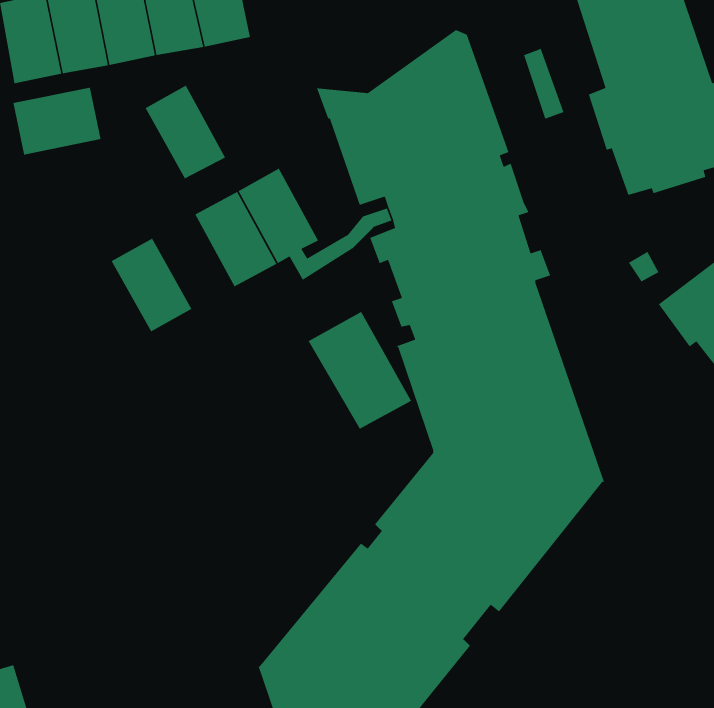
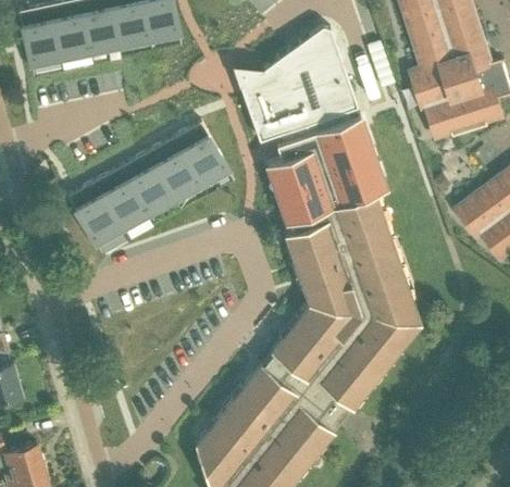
building: [145,84,226,179] -> [126,150,179,212]
building: [13,87,101,155] -> none
building: none -> [72,180,125,242]
building: [307,311,412,430] -> none

